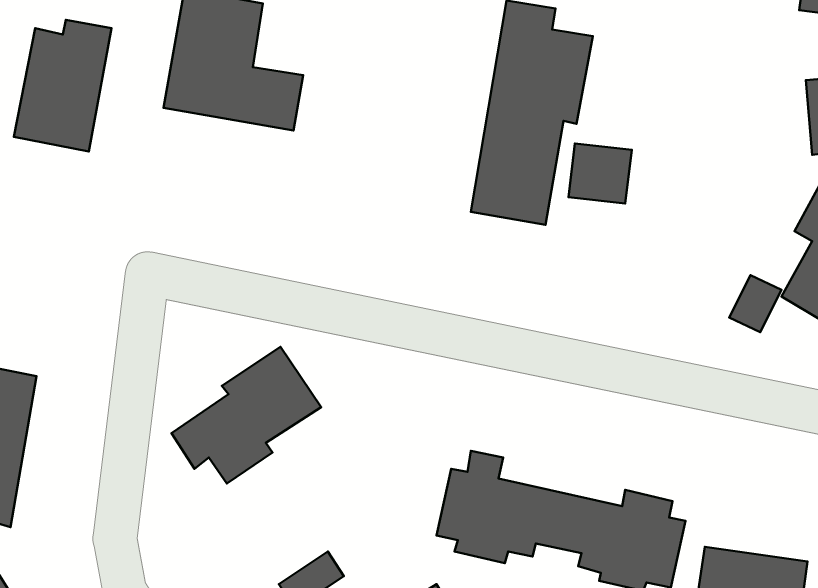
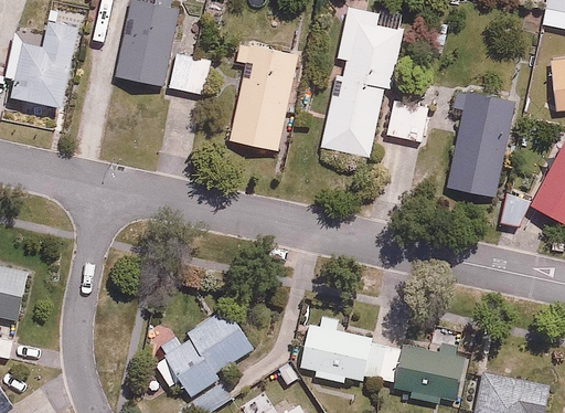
building: none -> [230,42,298,150]
building: none -> [448,92,512,195]
building: [172,347,321,484] -> [151,306,253,399]

